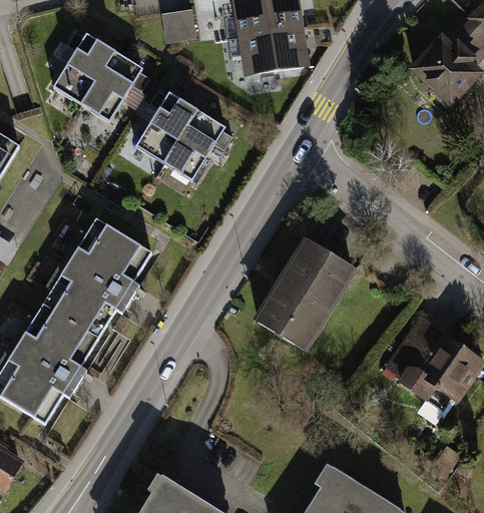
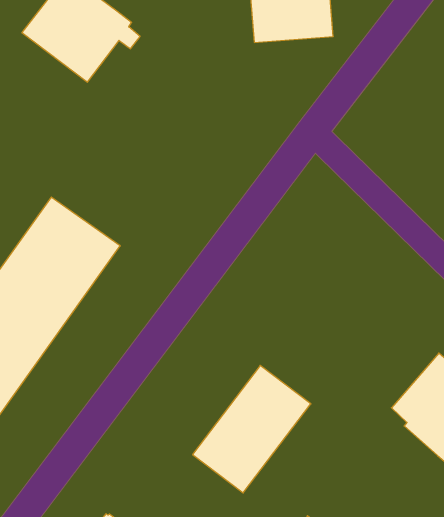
building: [134,89,233,179] -> none
building: [260,243,354,351] -> [193,365,311,493]

